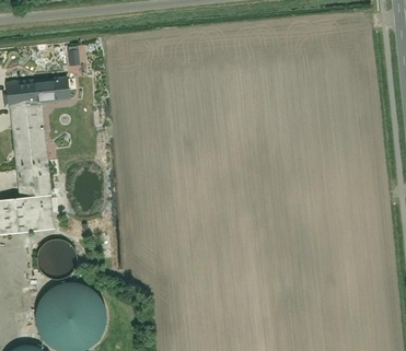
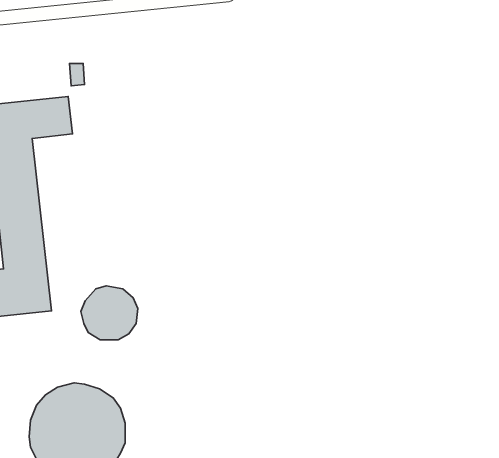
building: [35,239,77,279] -> [81,286,138,340]

